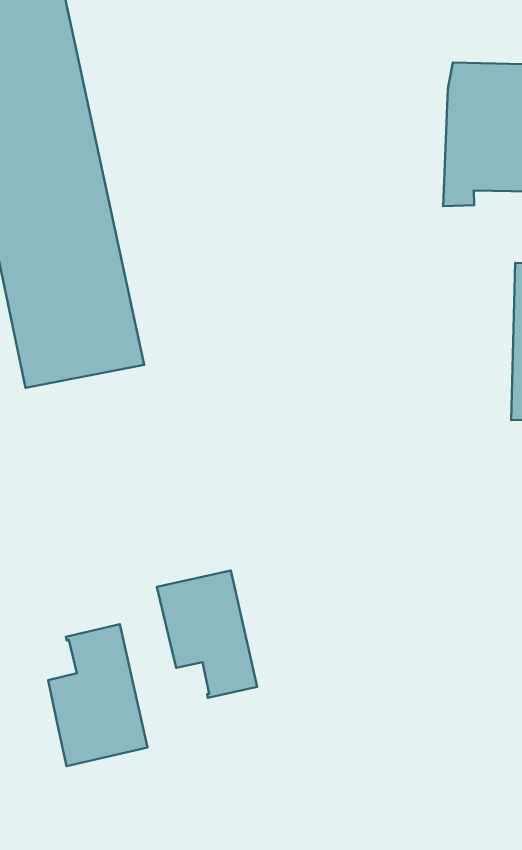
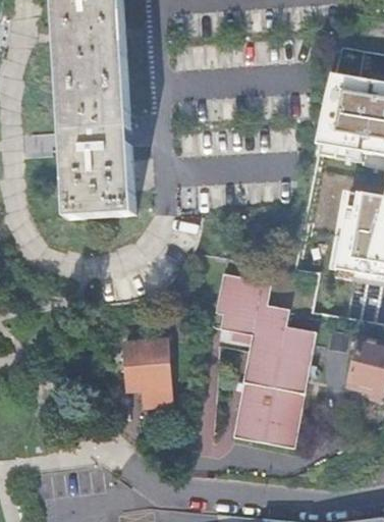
building: none -> [215,271,316,448]
building: [48,624,148,766] -> none

